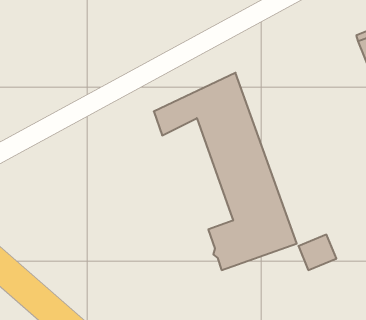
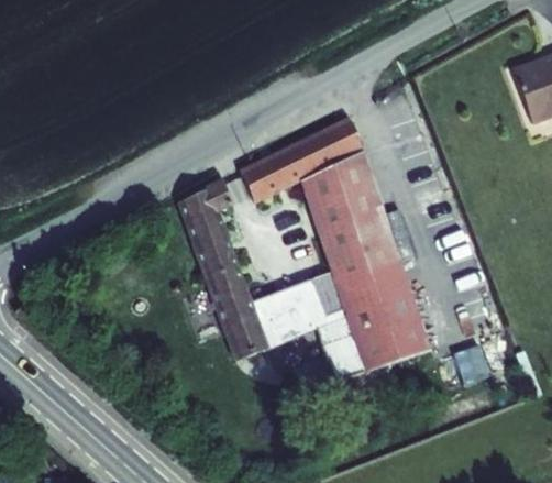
building: none -> [180,180,347,359]

